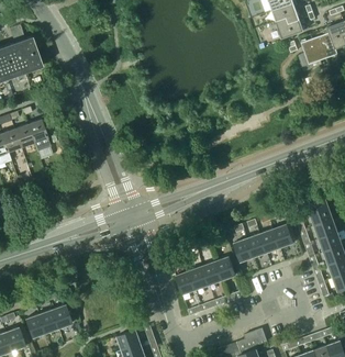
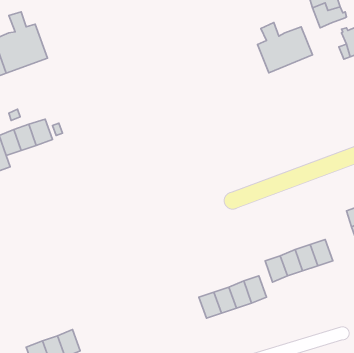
building: none -> [257,23,313,73]

